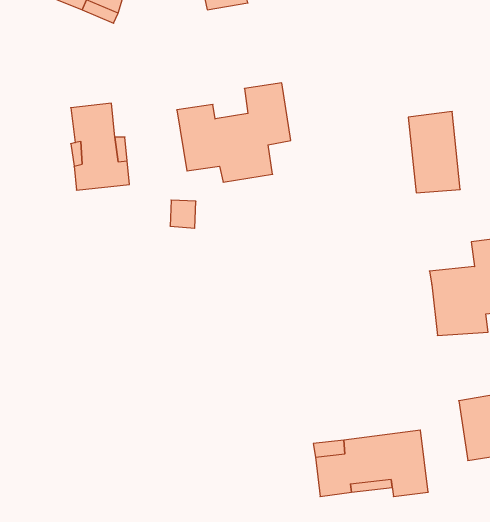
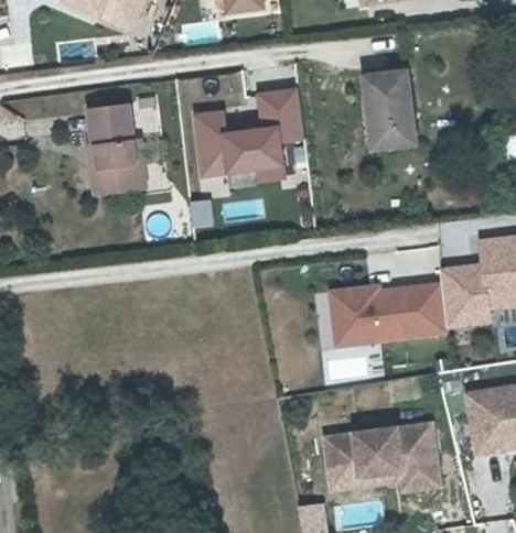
building: [408,112,460,193] -> [357,65,408,144]
building: none -> [332,281,449,349]

